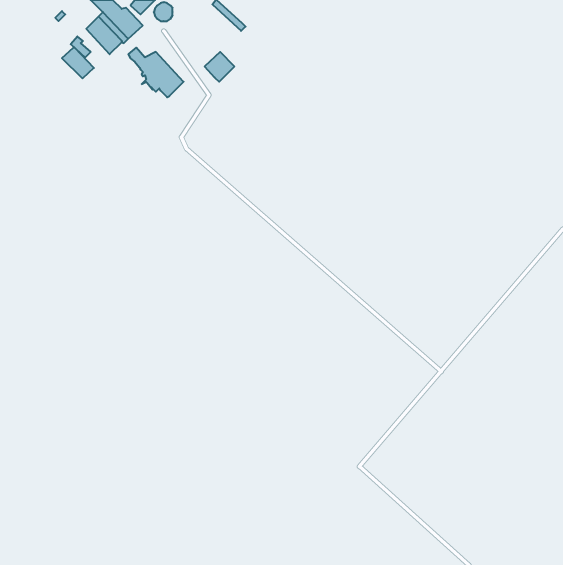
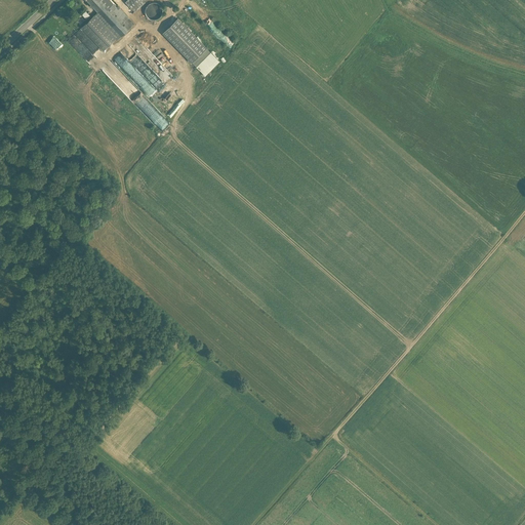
building: none -> [161,18,204,62]
building: [62,48,94,78] -> none

